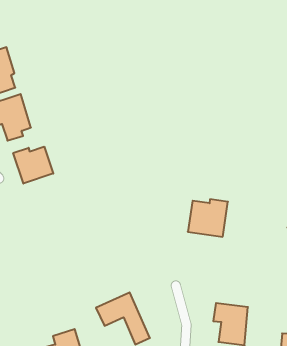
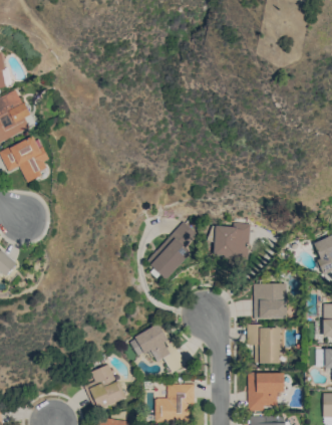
building: [13,147,53,184] -> none
building: none -> [146,221,198,278]
building: none -> [254,282,287,318]

